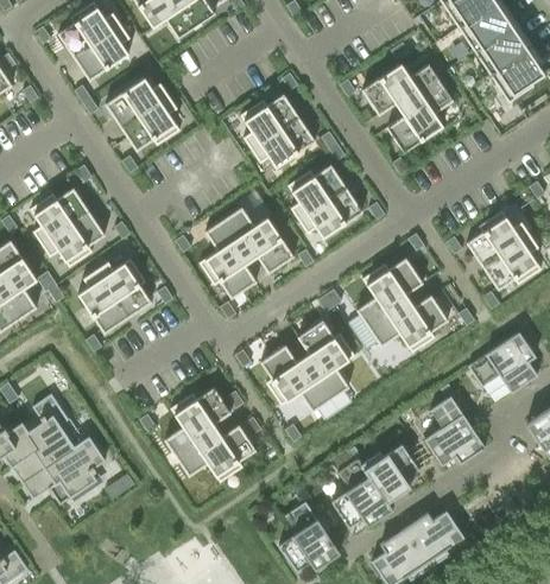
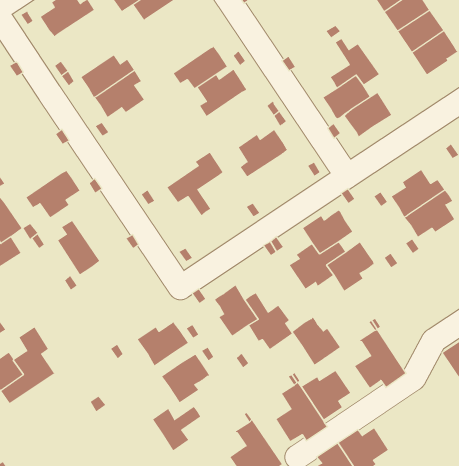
building: [77,26,133,81] -> none
building: [362,63,418,115] -> [344,92,392,137]
building: [252,118,316,167] -> [173,46,228,89]
building: [31,188,90,243] -> none
building: [299,188,362,237] -> none
building: [242,217,293,273] -> none
building: [200,242,257,298] -> none
building: [96,259,152,317] -> none
building: [298,319,355,376] -> [292,317,341,366]
building: [469,331,538,392] -> none
building: [165,424,222,476] -> [152,406,201,451]
building: [23,436,106,504] -> none

